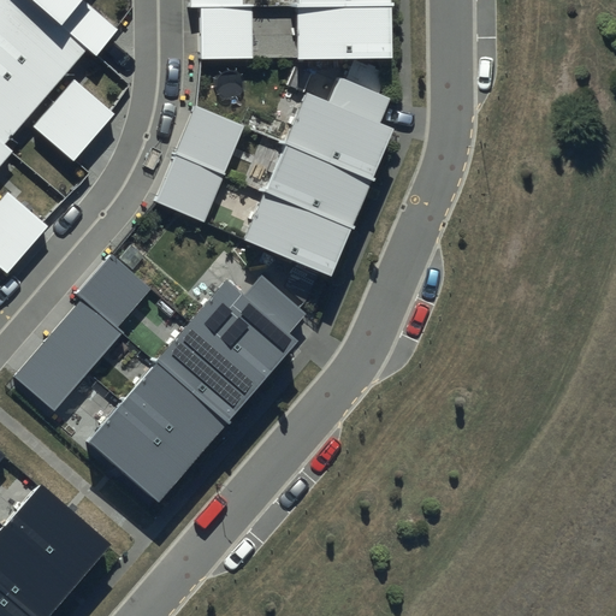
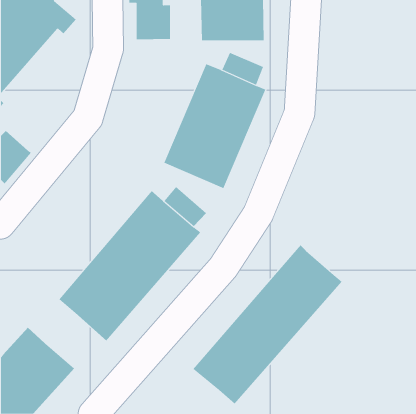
building: [34,79,113,161] -> none
building: [153,105,244,221] -> none
building: [13,253,150,411] -> none
building: none -> [193,244,342,404]

